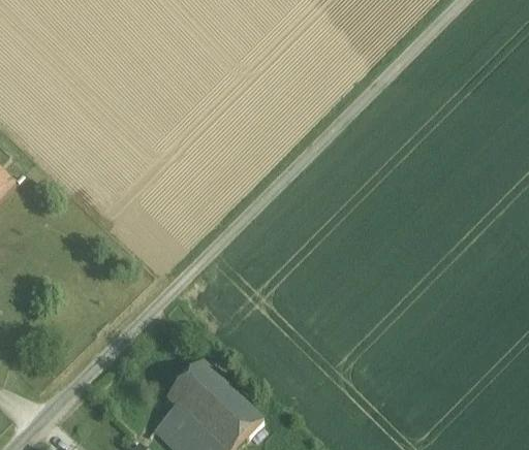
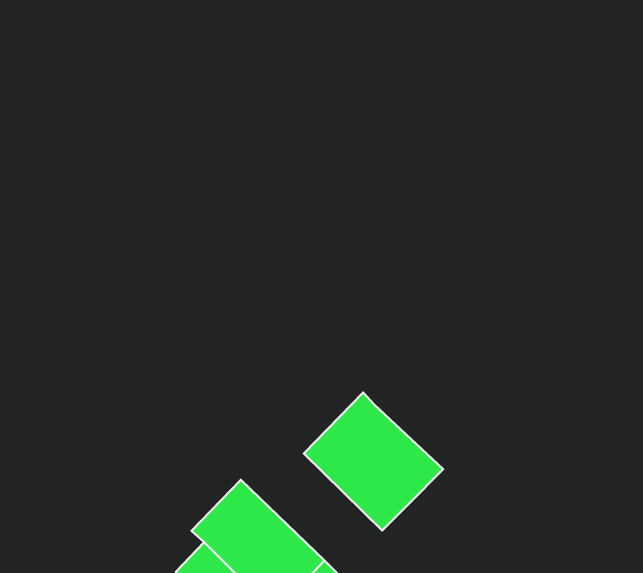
building: none -> [304,393,443,530]

